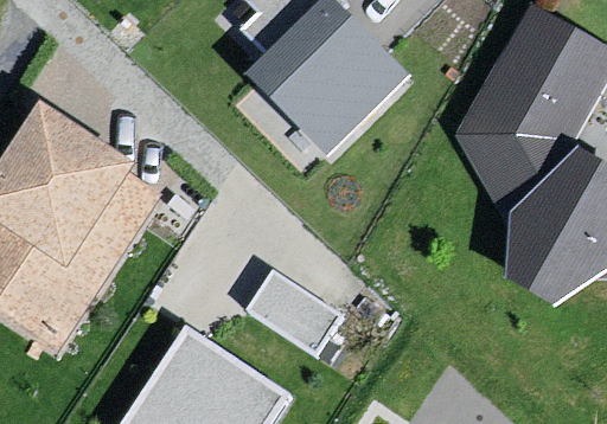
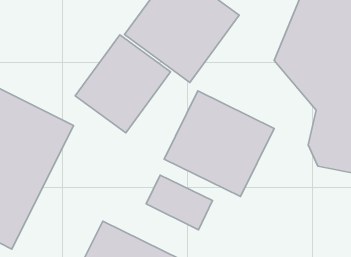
building: none -> [75,35,170,133]
building: none -> [164,91,274,197]

